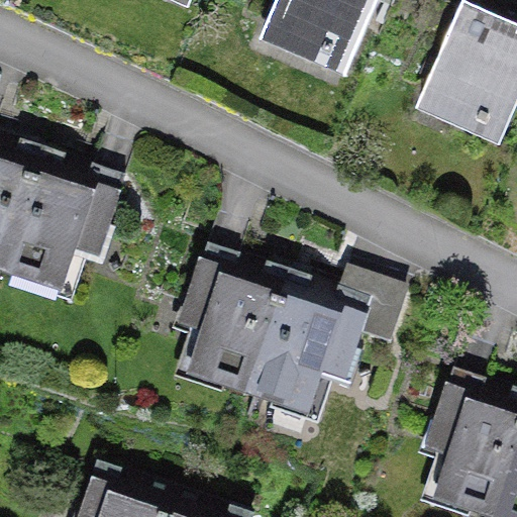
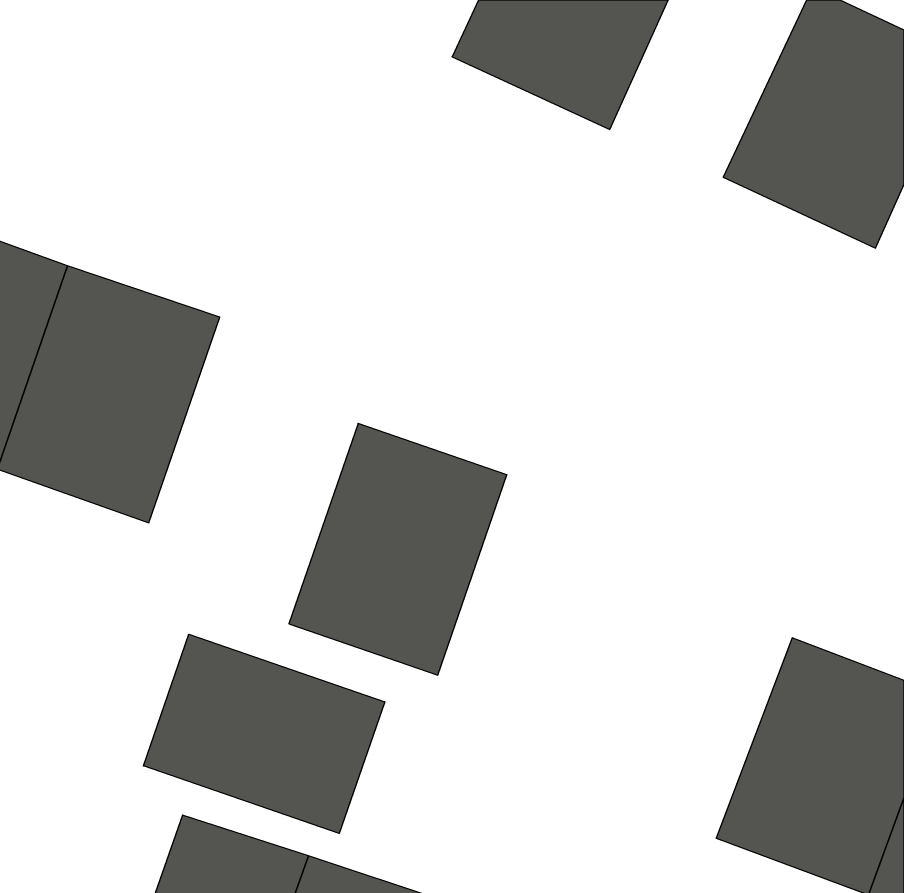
building: [249,278,382,423] -> none
building: none -> [143,634,385,833]

